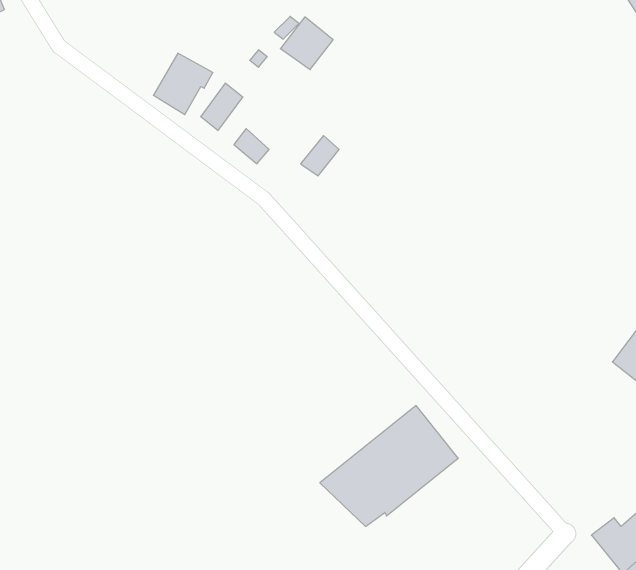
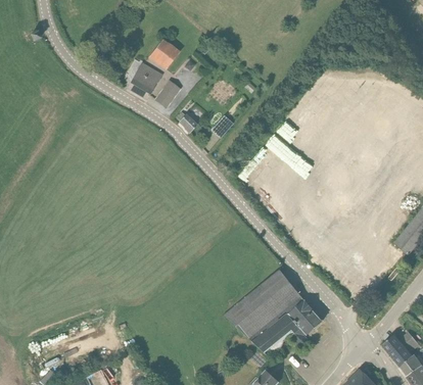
building: [280,17,333,70] -> [147,39,178,69]
building: none -> [252,299,323,354]

